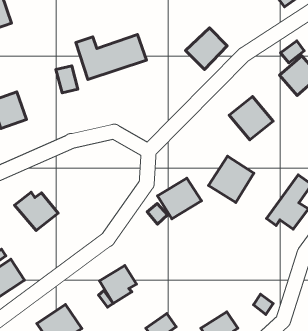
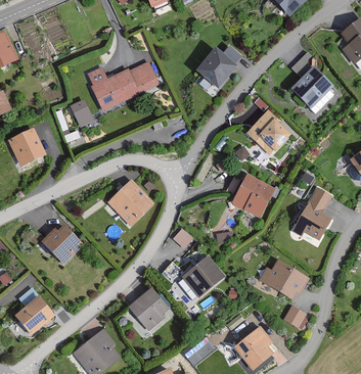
building: none -> [105,177,152,224]
building: [157,178,201,219] -> [180,253,224,295]
building: none -> [260,261,311,296]

